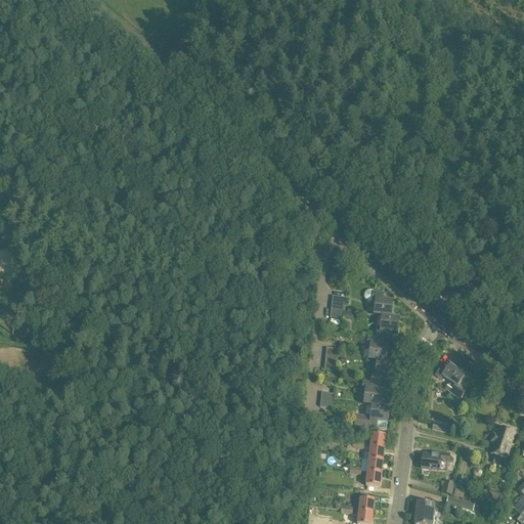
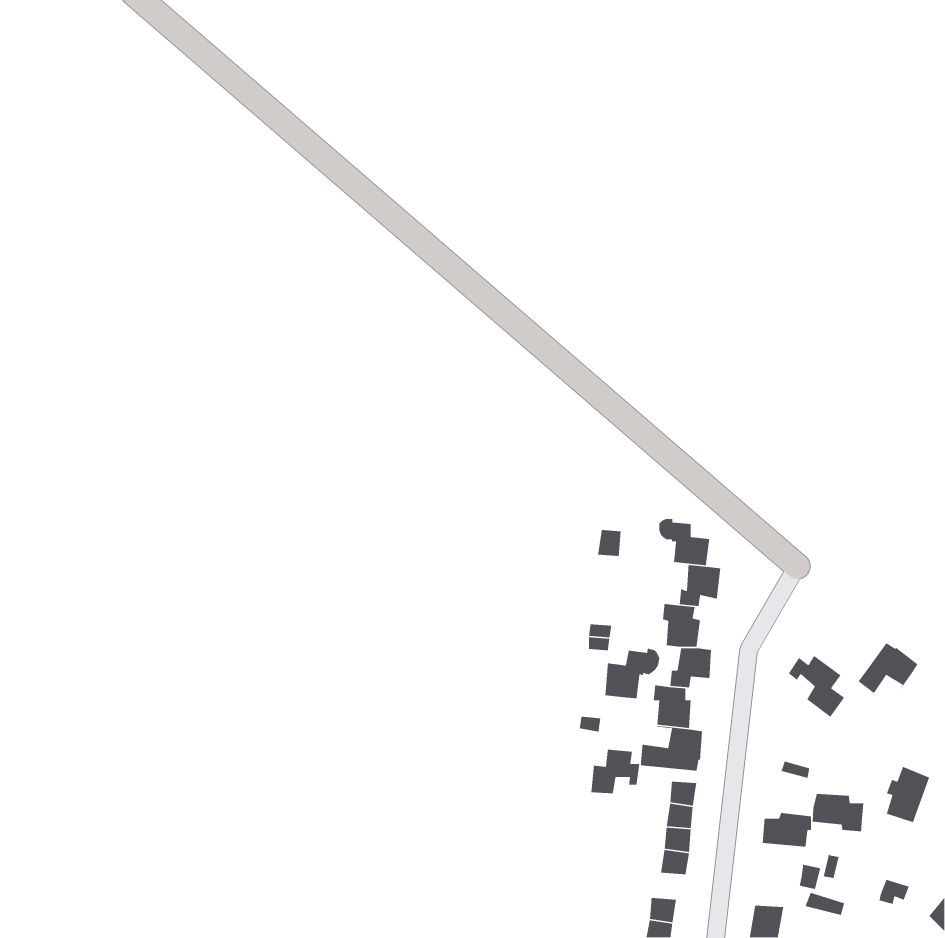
building: none -> [857,642,919,697]
building: none -> [604,648,660,699]
building: none -> [590,749,640,794]
building: none -> [812,793,865,832]

